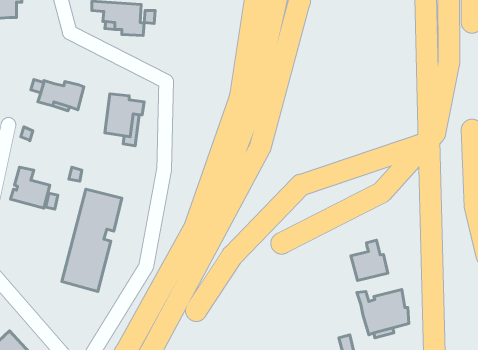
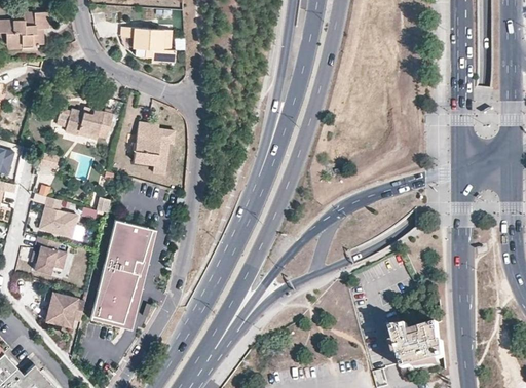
building: none -> [32,236,65,273]
building: [351,240,388,280] -> none
building: none -> [44,290,84,326]

